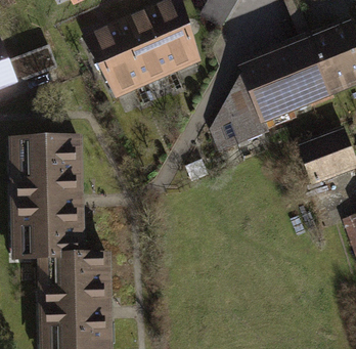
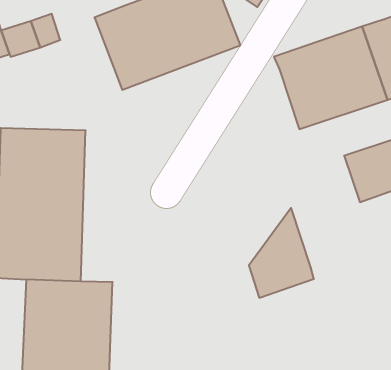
building: [208,77,263,154] -> [249,208,314,298]

